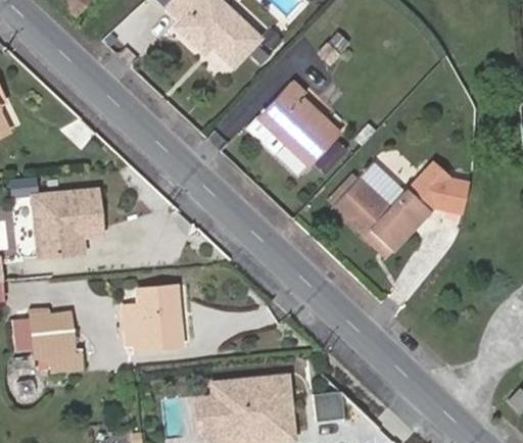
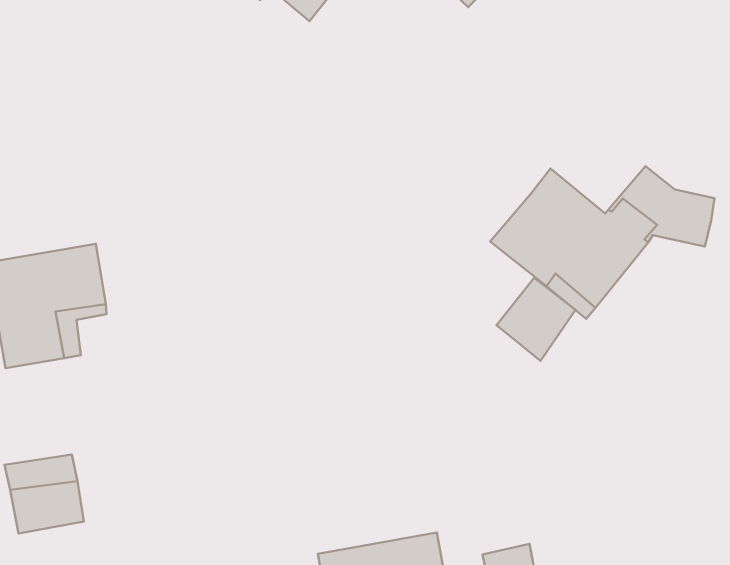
building: [260,81,340,163] -> none
building: none -> [496,278,575,361]
building: [125,285,183,347] -> none

